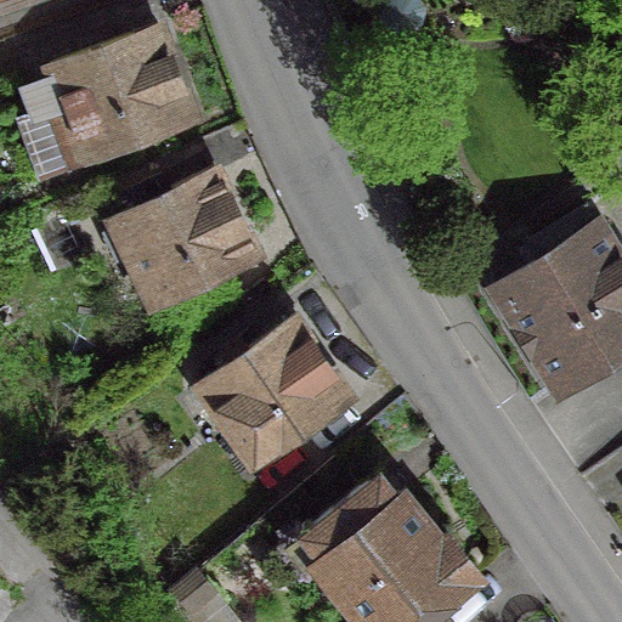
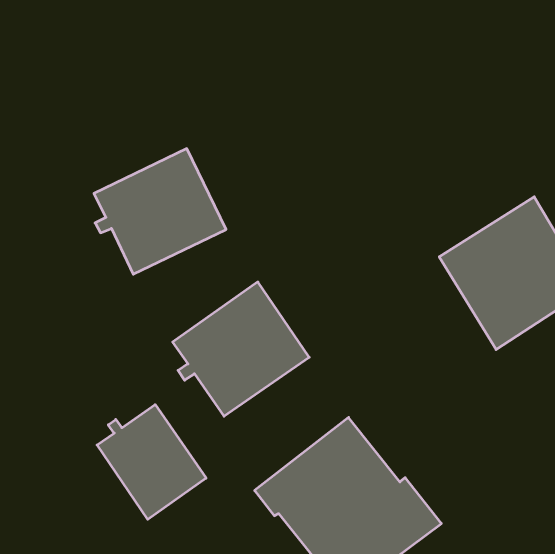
building: [21,27,191,177] -> none
building: none -> [97,405,206,519]

